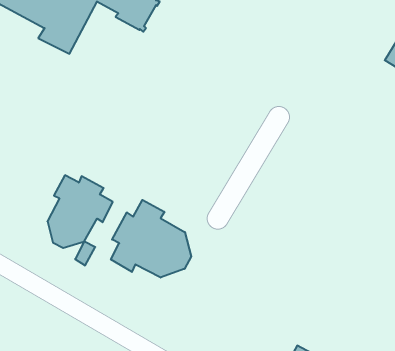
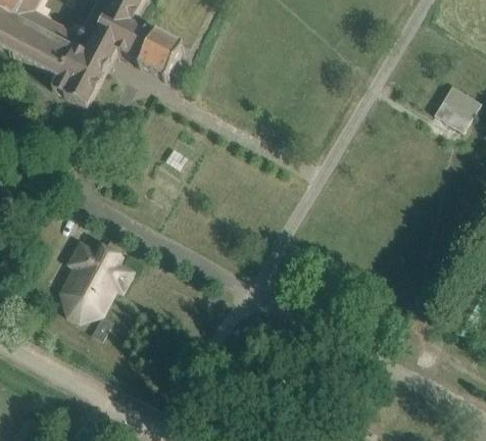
building: [111,200,191,278] -> none

